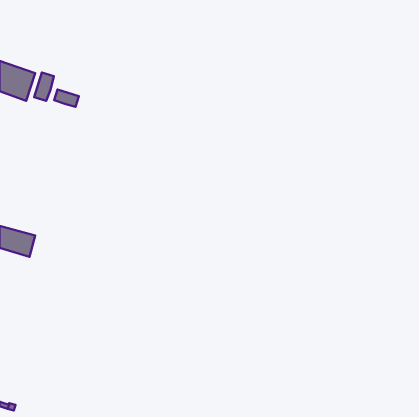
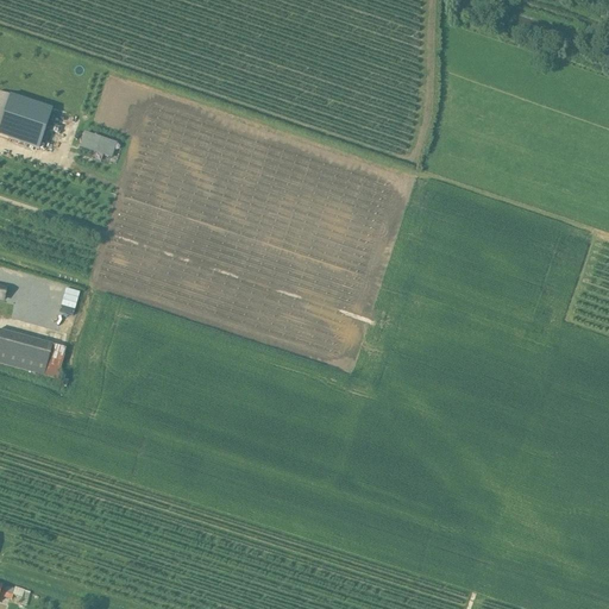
building: [34,72,54,101] -> none

